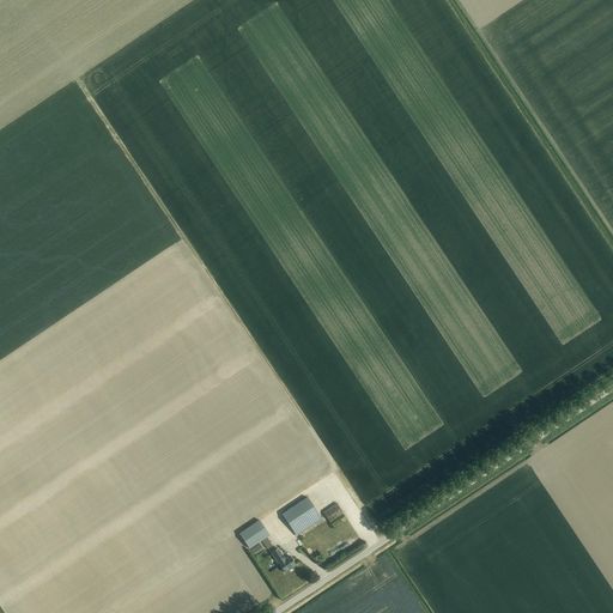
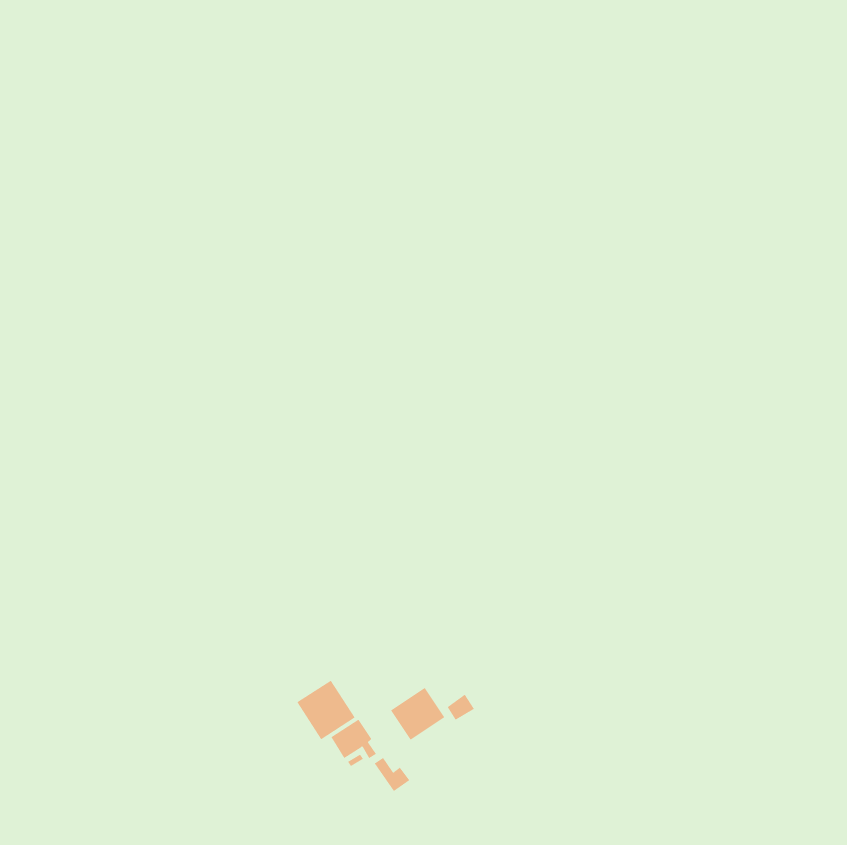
building: none -> [297,680,356,740]

